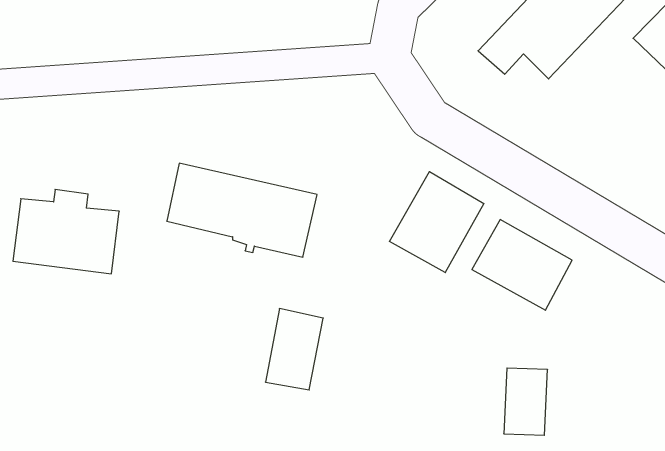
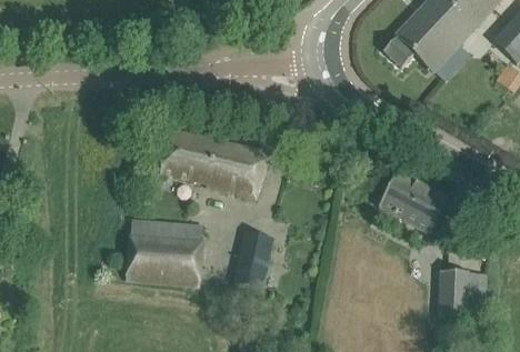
building: [389,172,484,273] -> none
building: [13,189,119,274] -> [126,225,201,285]
building: [504,368,548,435] -> [439,269,470,316]

